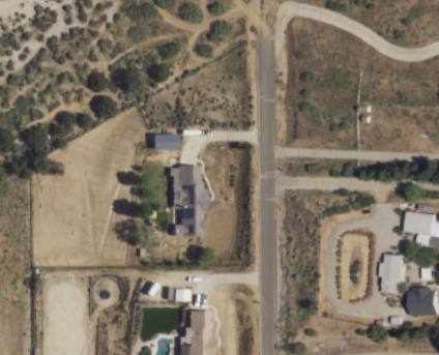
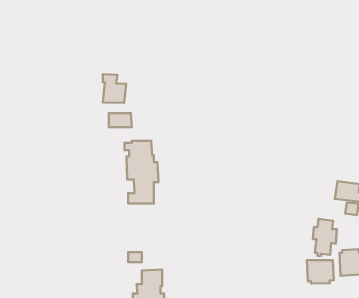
building: none -> [103,74,126,103]
building: none -> [307,260,334,284]

